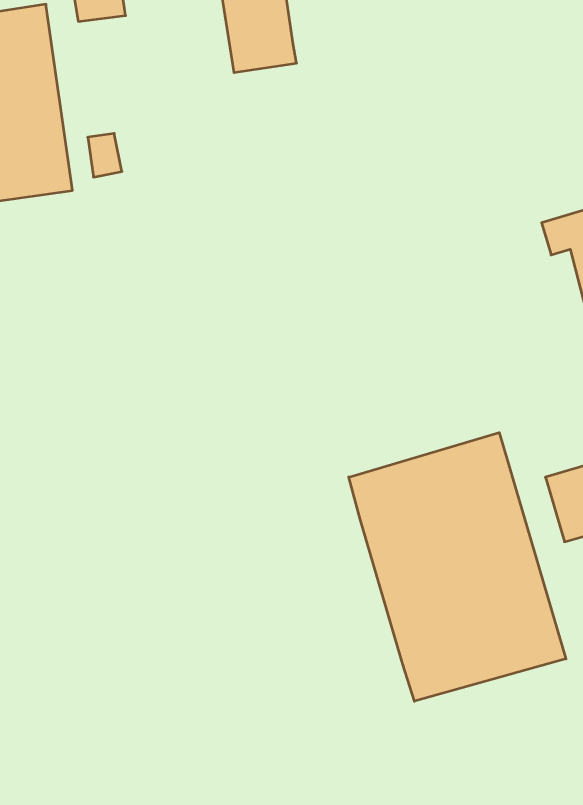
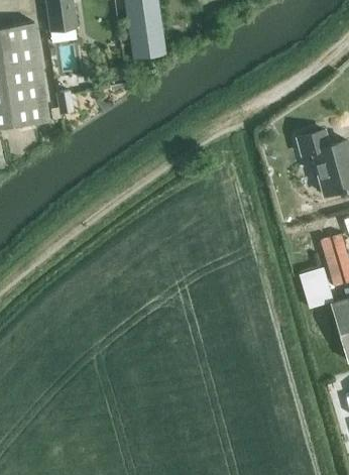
building: [349,433,566,701] -> none

